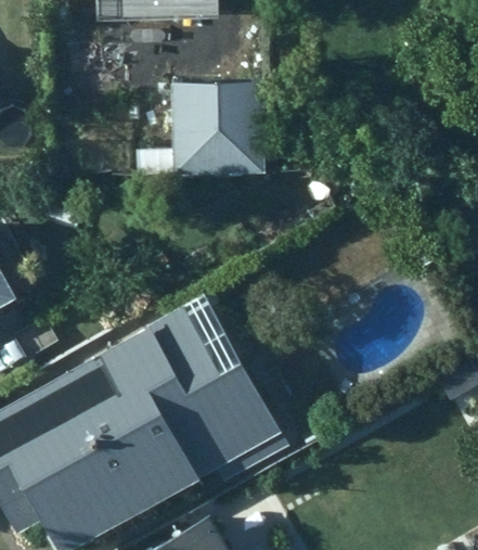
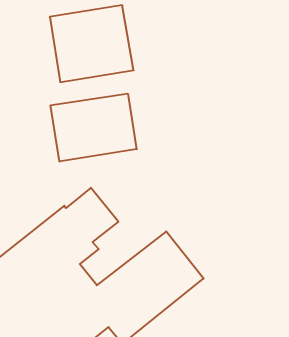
building: none -> [51,94,137,162]

